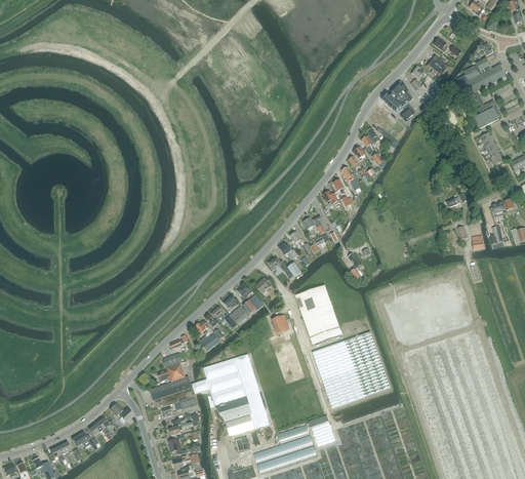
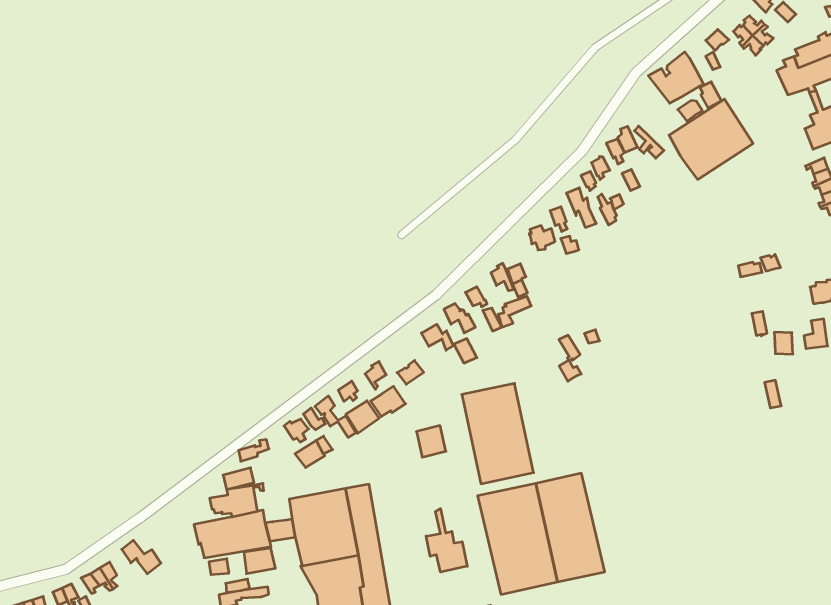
building: none -> [669,99,753,179]
building: none -> [426,509,467,572]

